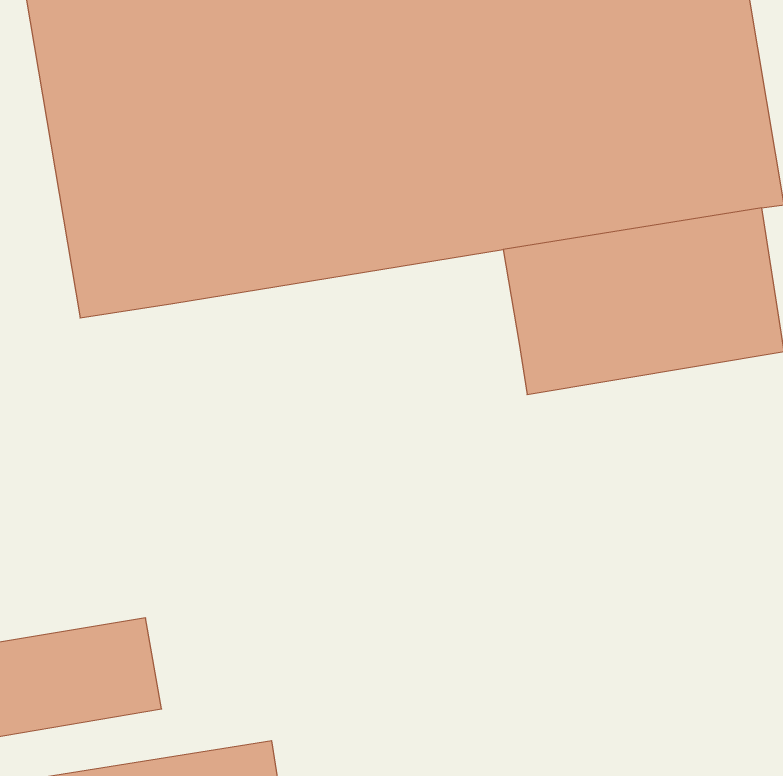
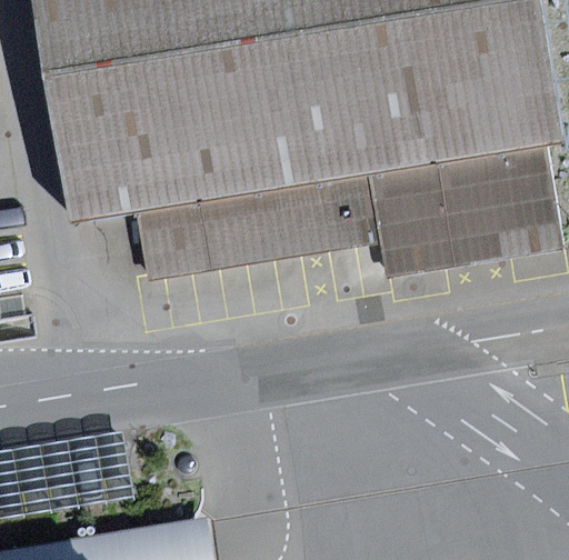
building: none -> [136,177,377,280]

